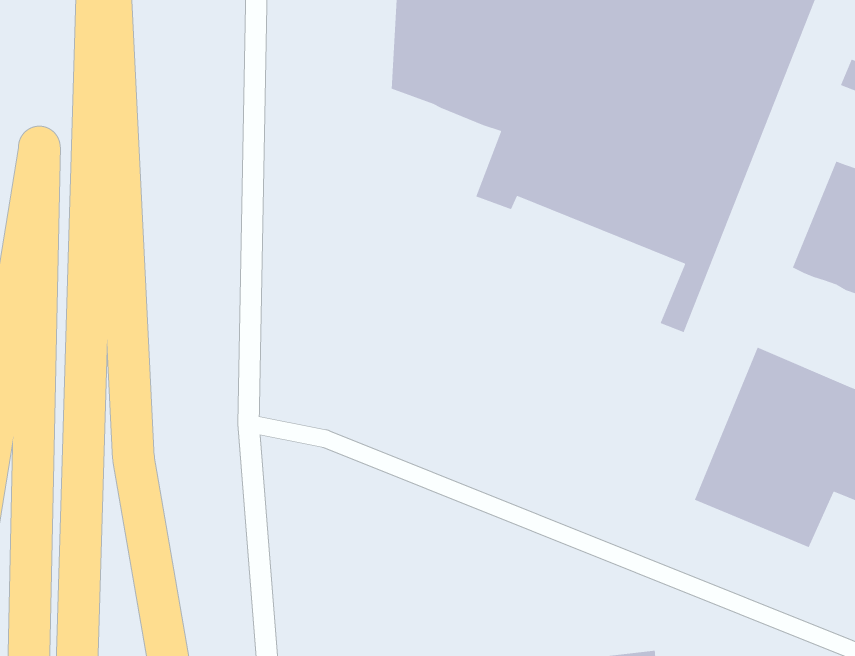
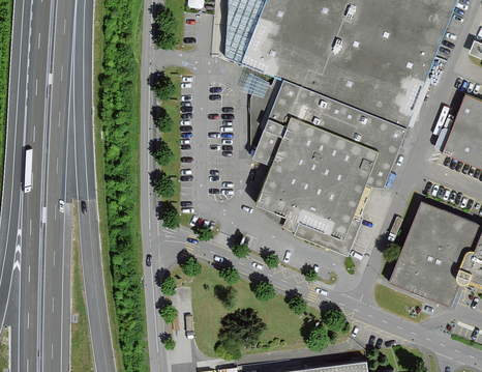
building: none -> [252,114,383,255]

